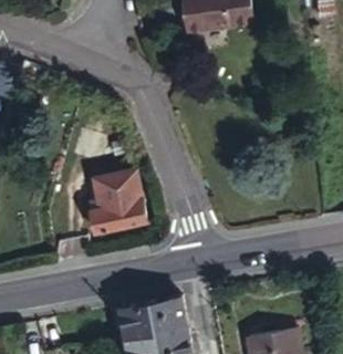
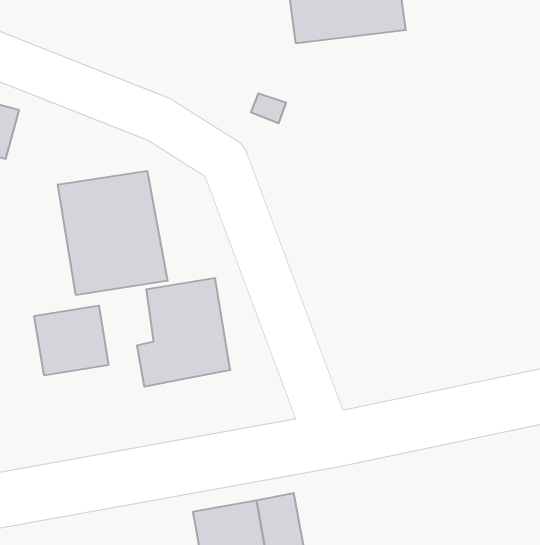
building: none -> [58,171,168,295]
building: none -> [34,305,108,375]

